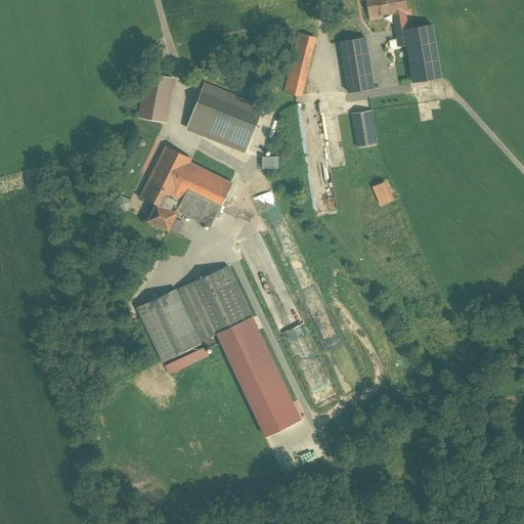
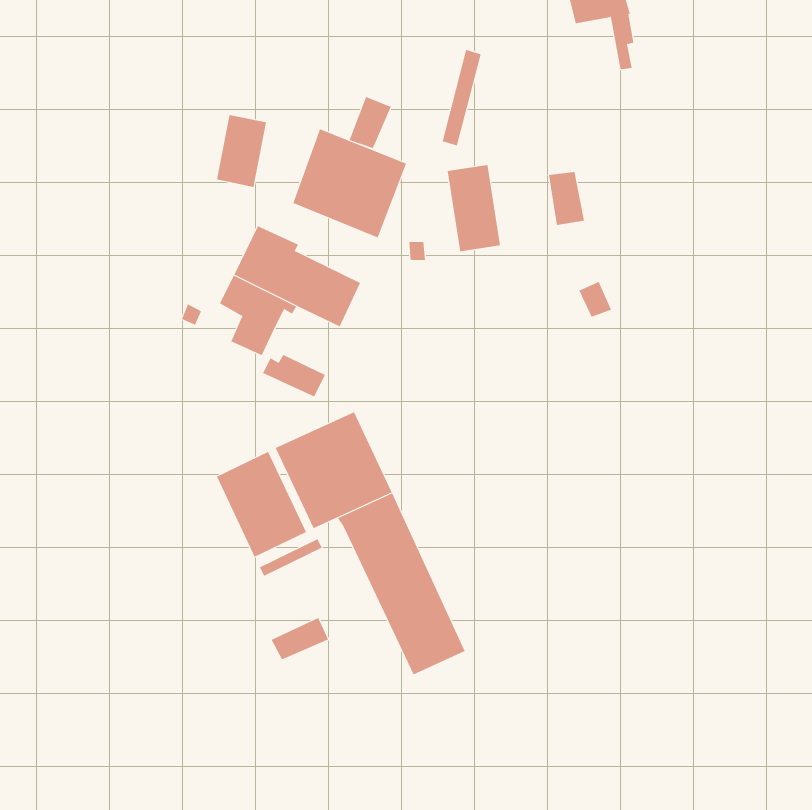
building: [404,24,441,81] -> none
building: [339,37,374,93] -> [447,164,501,252]
building: none -> [349,96,391,149]
building: [178,198,219,225] -> [262,354,326,397]
building: none -> [271,617,329,660]

